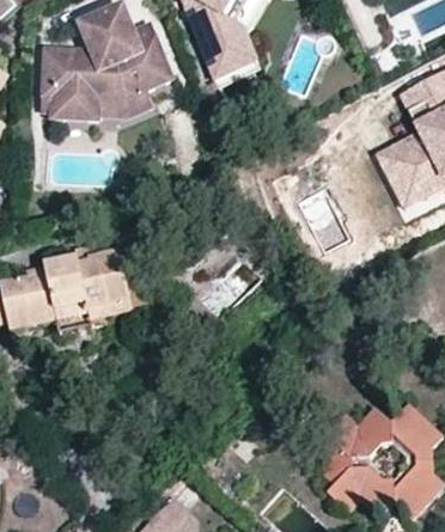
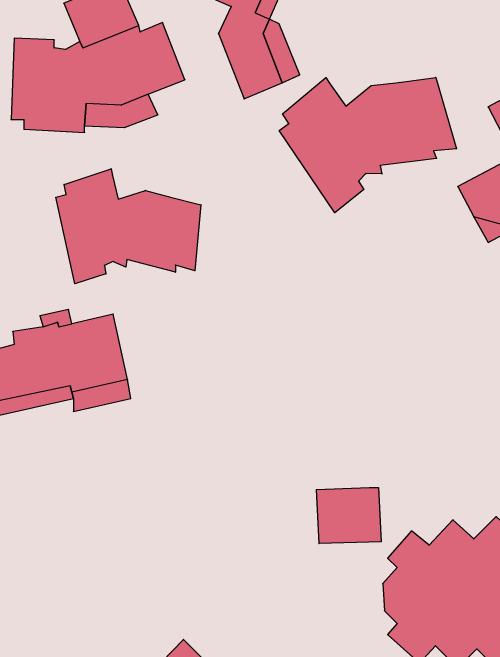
building: none -> [279,77,457,213]
building: none -> [56,169,201,284]
building: none -> [316,488,381,544]

